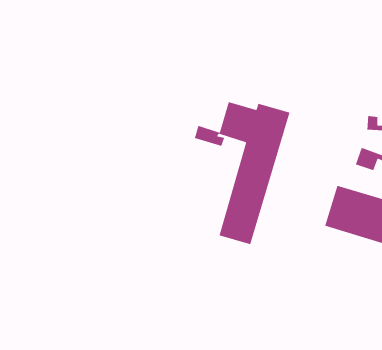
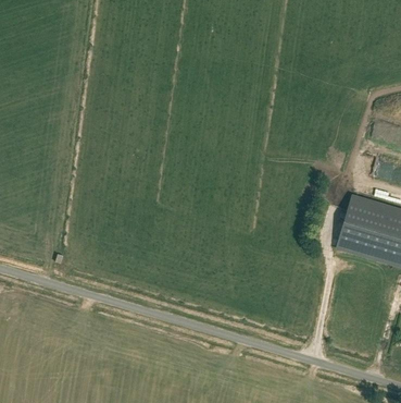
building: [194,101,290,245] -> none

